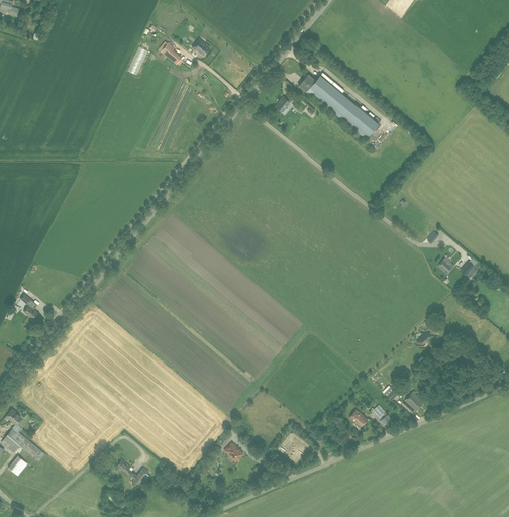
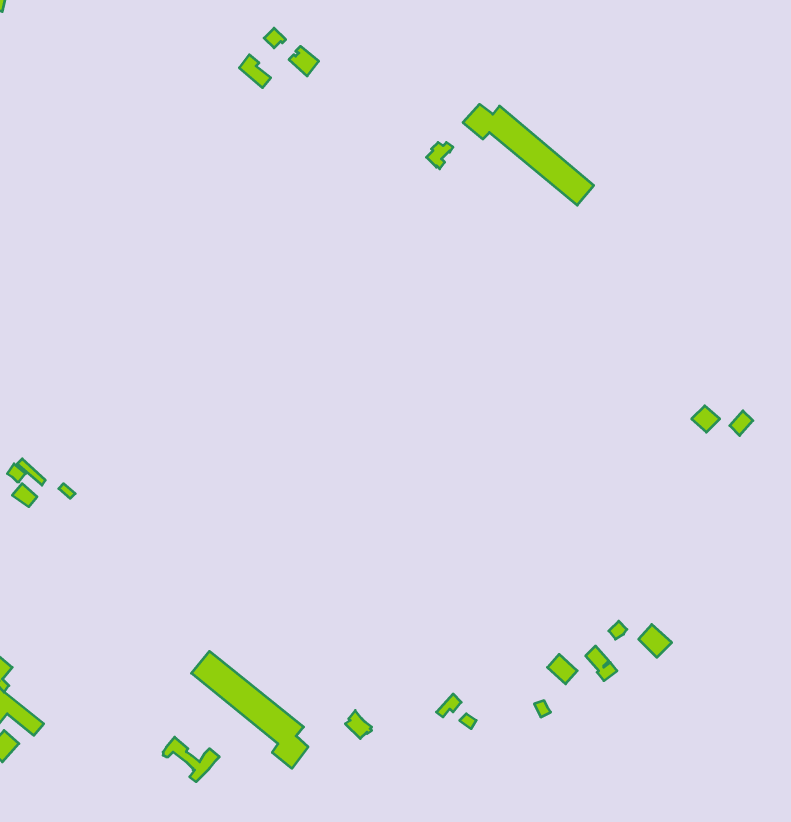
building: none -> [191,651,308,768]

